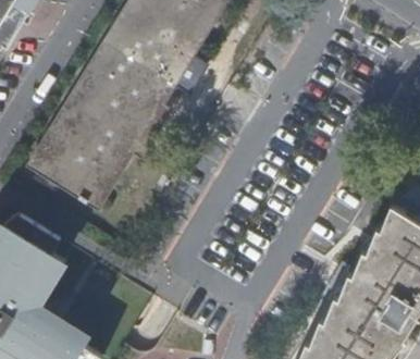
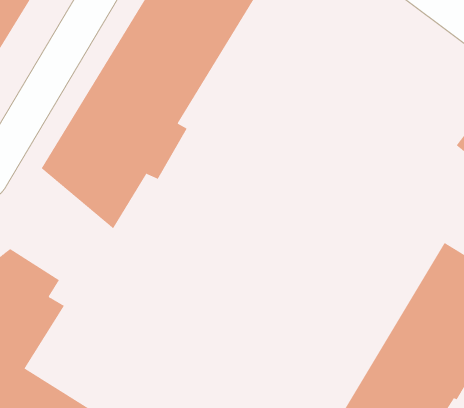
building: [30,145,106,208] -> none

